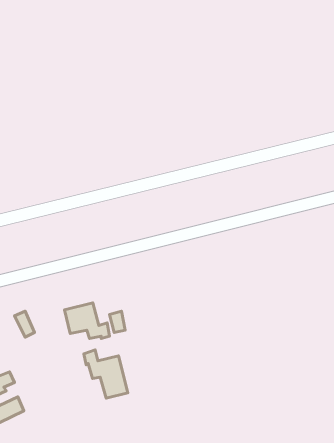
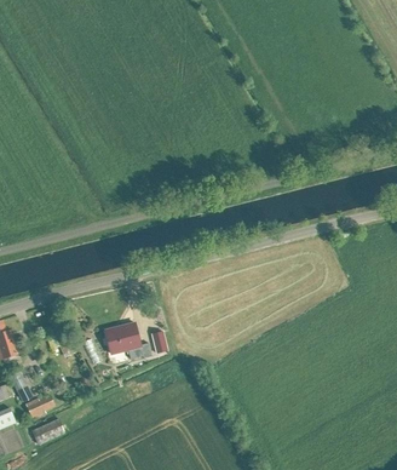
building: [84,350,128,398] -> none

